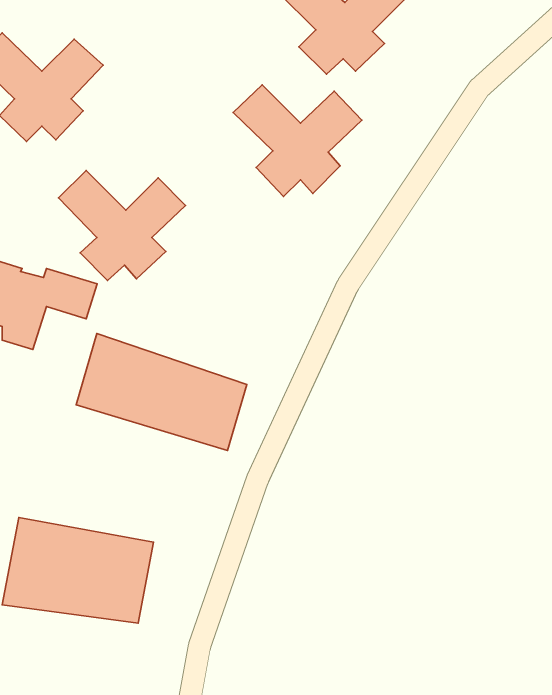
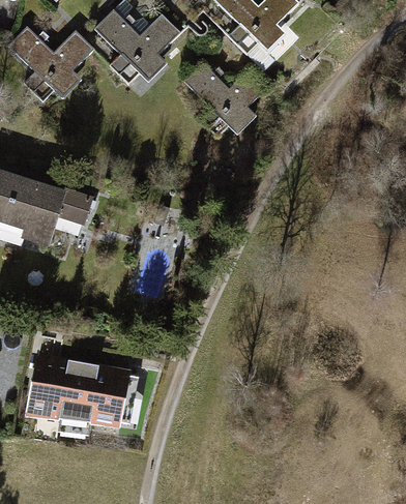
building: [59,170,186,280] -> [95,9,181,84]
building: [76,334,247,451] -> none

